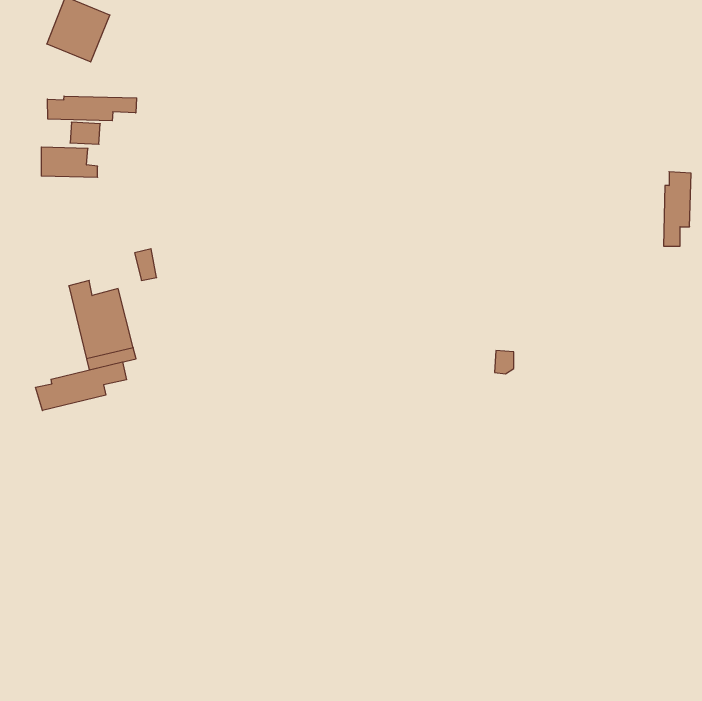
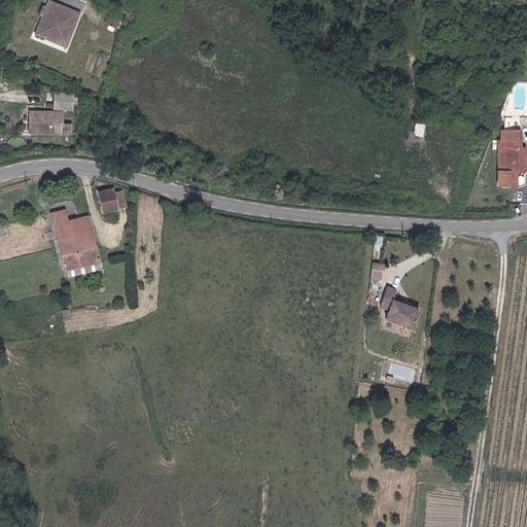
building: [47,96,137,121] -> none
building: [36,362,126,411] -> none
building: none -> [380,286,420,327]

